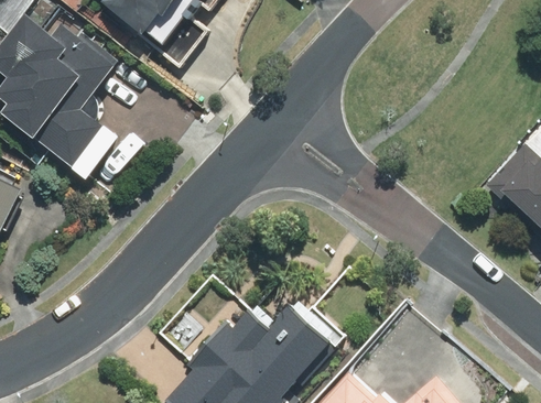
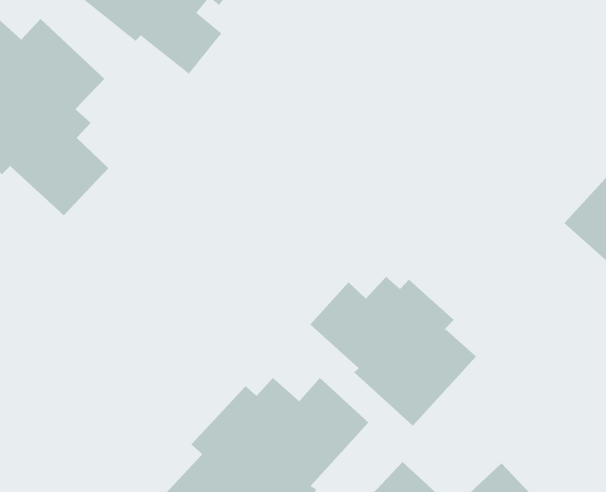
building: none -> [310,276,477,427]

